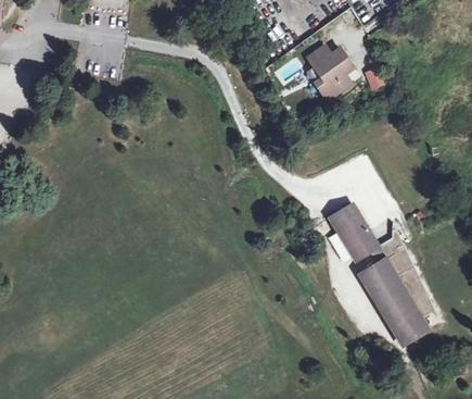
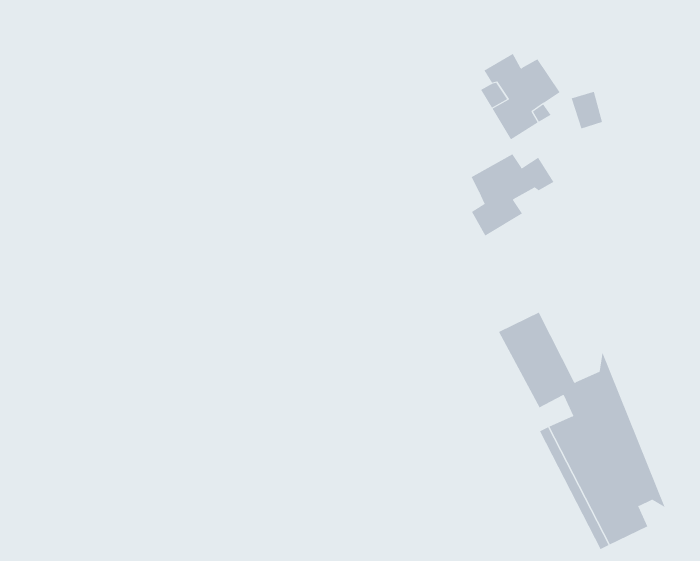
building: none -> [471,154,554,236]

